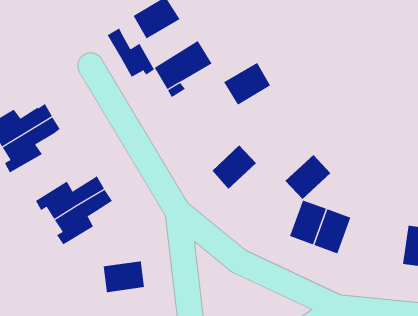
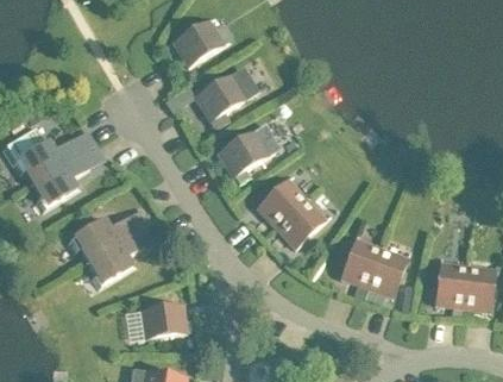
building: [107,28,155,78] -> none
building: [223,62,271,105] -> [218,130,269,176]
building: [285,154,331,200] -> [276,199,326,248]
building: none -> [435,262,469,307]

